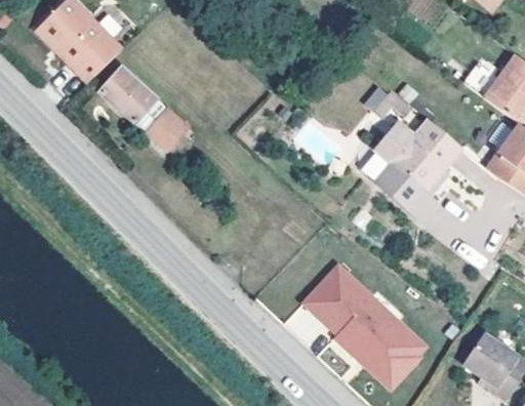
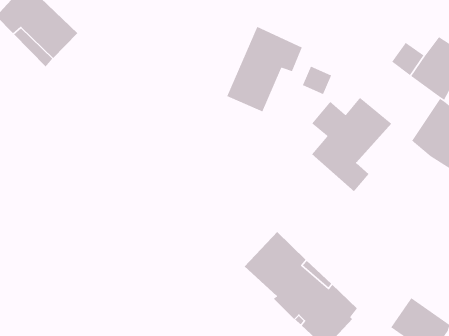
building: none -> [226,26,303,112]
building: [102,68,195,148] -> none

